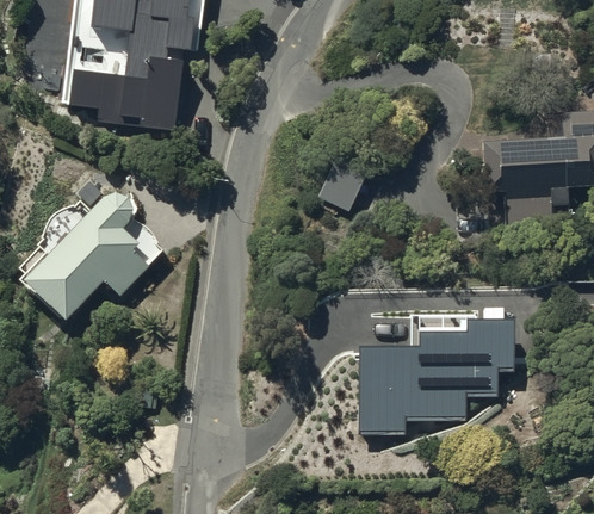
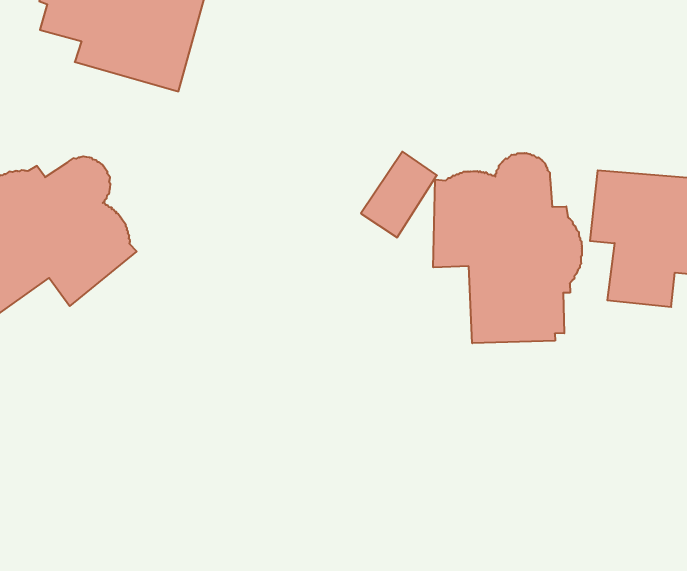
building: none -> [433,153,582,343]
building: [359,326,516,439] -> none

